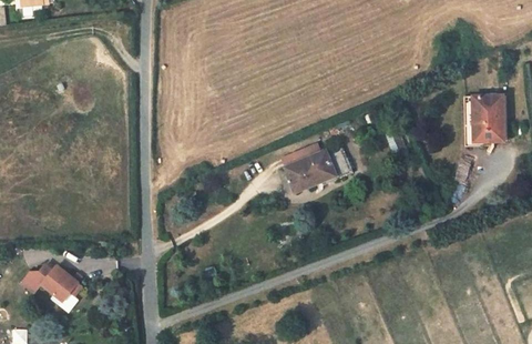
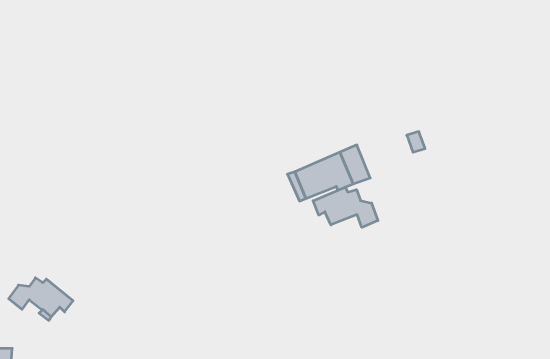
building: [466,95,504,145] -> none
building: none -> [313,187,378,227]

